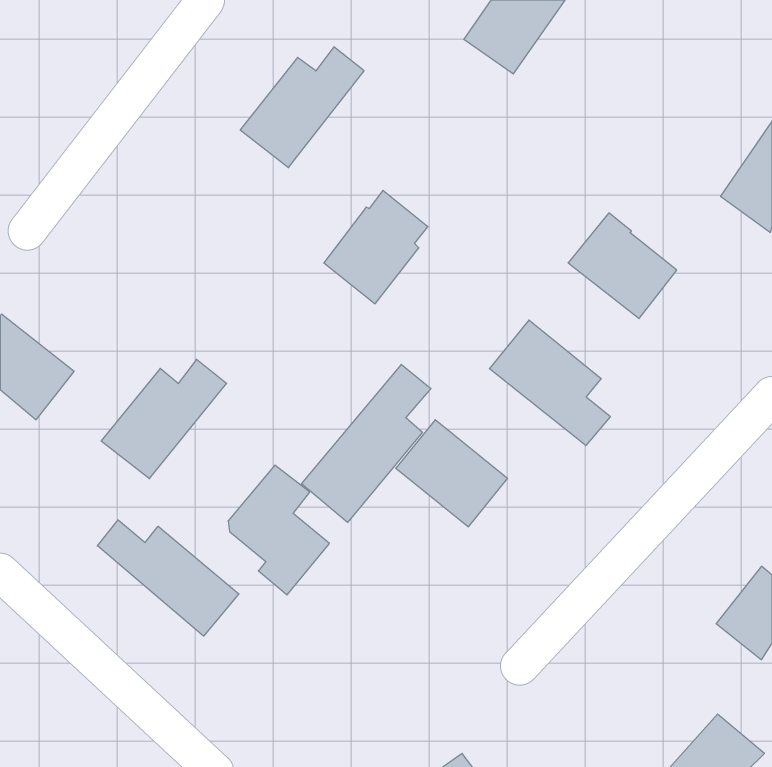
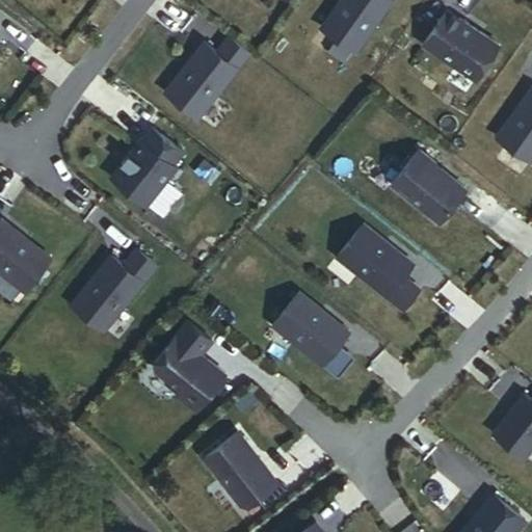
building: none -> [421,11,498,82]
building: [324,190,428,304] -> [111,130,183,208]
building: [301,364,431,522] -> none
building: [97,520,239,636] -> none
building: none -> [205,432,277,506]

